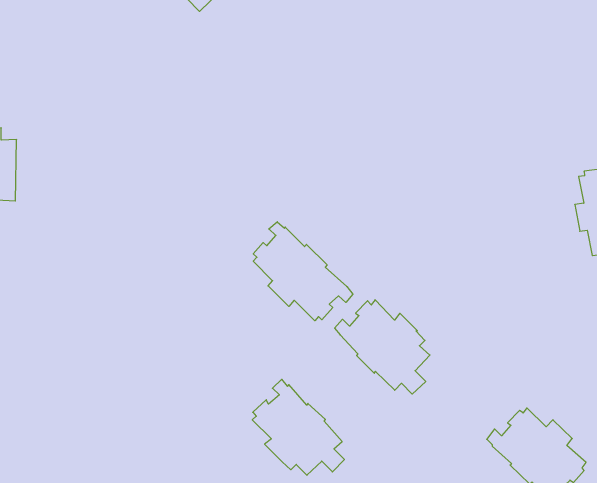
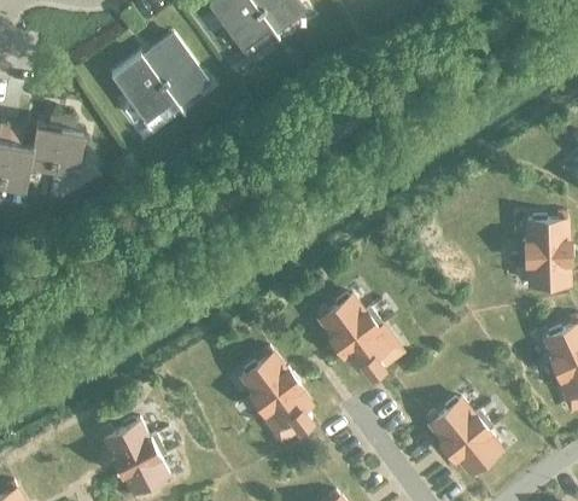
building: none -> [112,39,208,123]
building: [253,222,353,321] -> none

